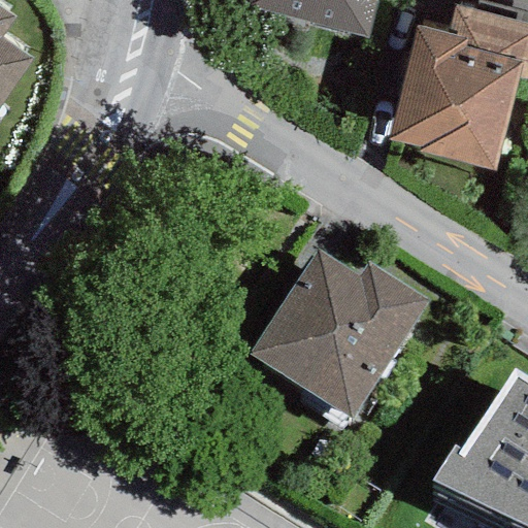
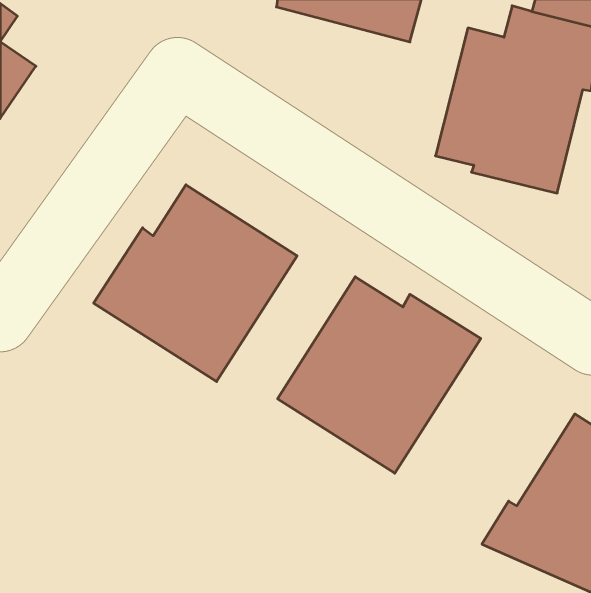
building: none -> [94,185,297,382]

